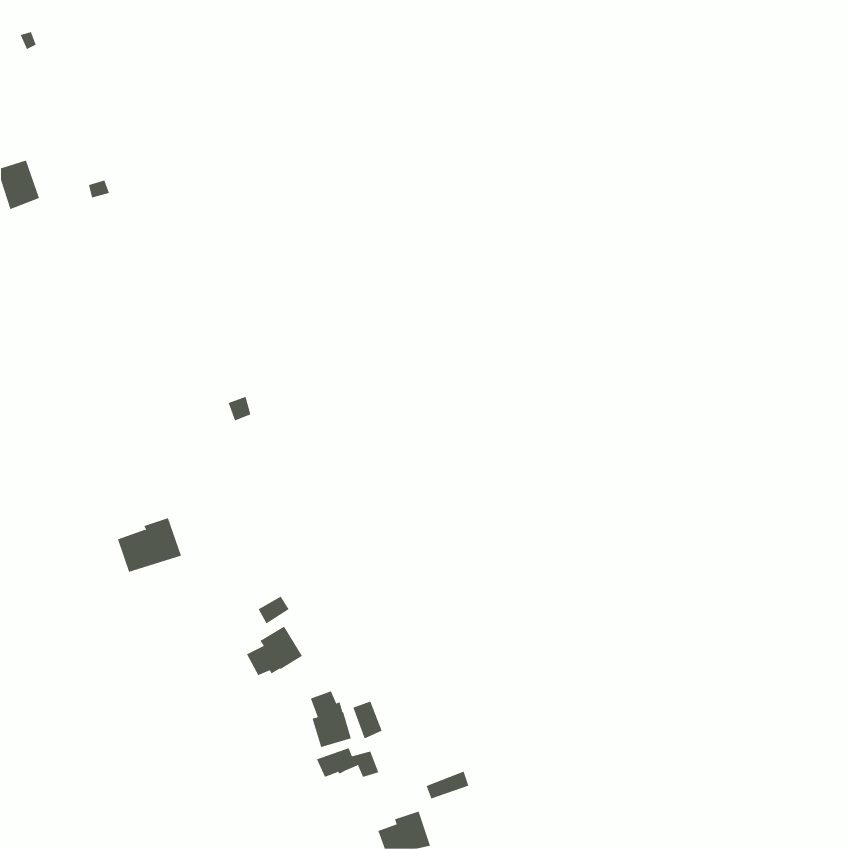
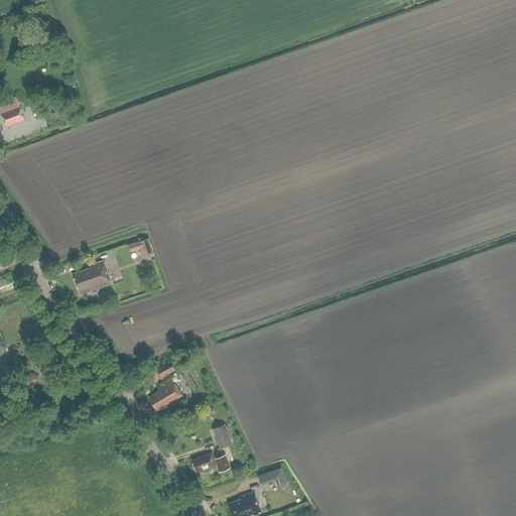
building: [117,518,182,573] -> [73,260,112,293]
building: [310,690,352,748] -> none

